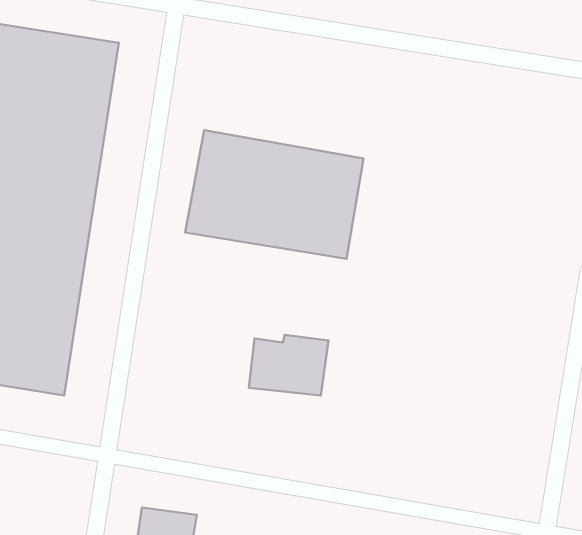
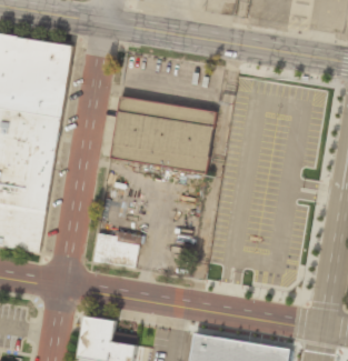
building: [249,335,328,395] -> [95,231,141,267]

